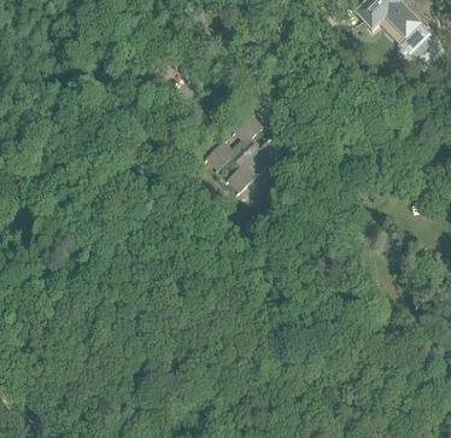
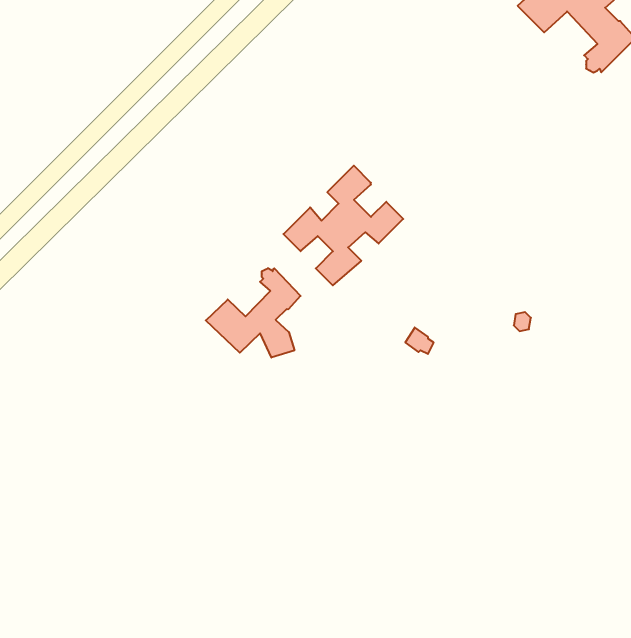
building: none -> [206,268,301,358]

